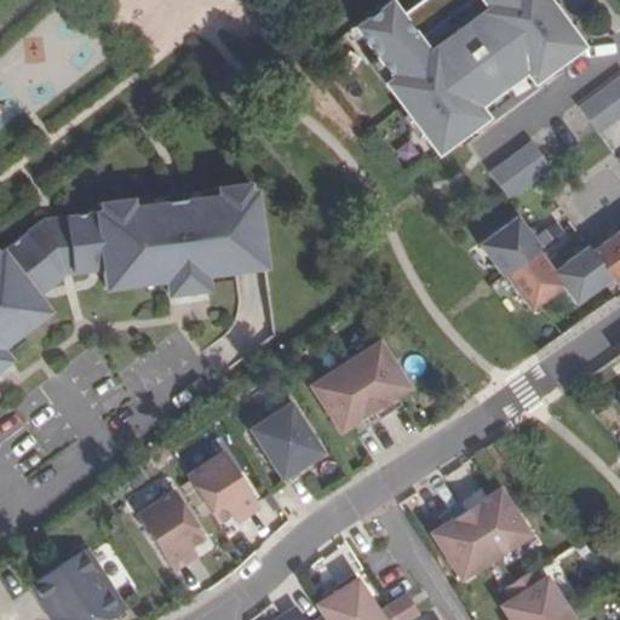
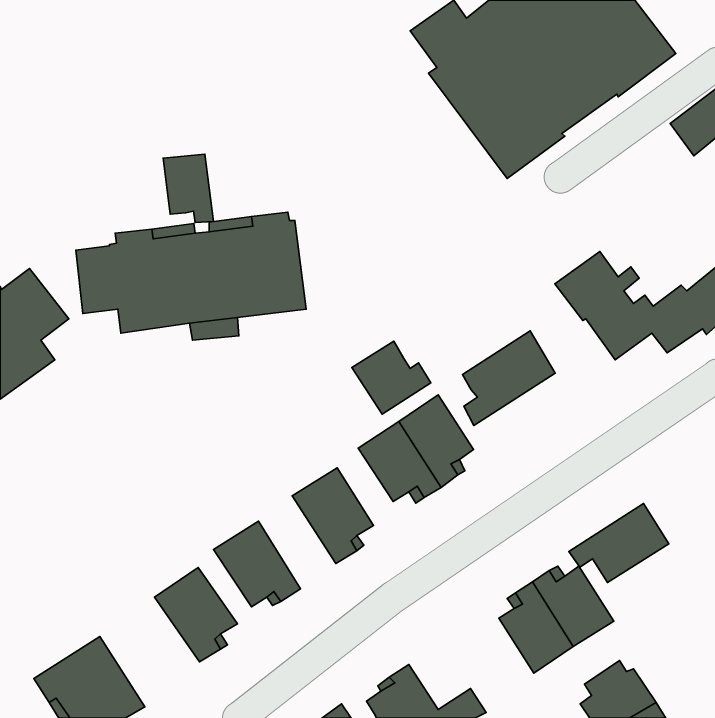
building: none -> [163,154,214,222]
building: [490,140,553,200] -> none
building: [28,216,74,275] -> none
building: none -> [462,331,555,425]
building: none -> [352,341,431,414]
building: none -> [569,503,669,582]

